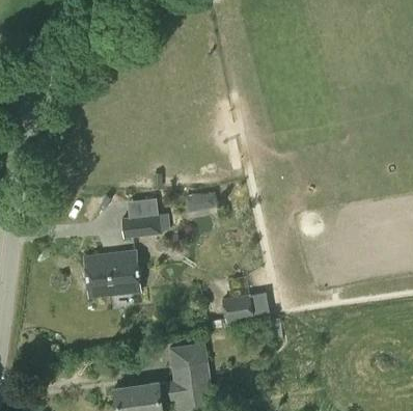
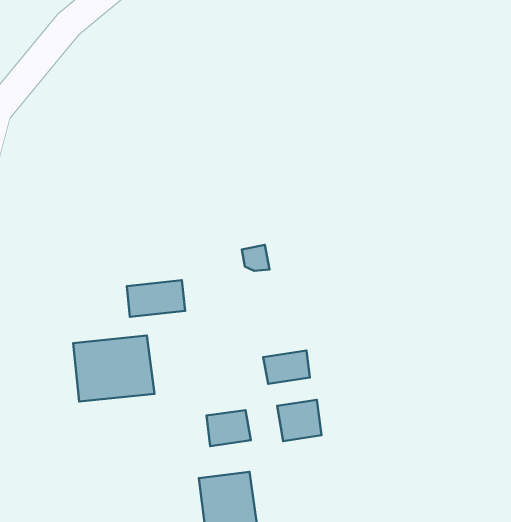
building: none -> [263,351,310,384]
building: none -> [206,410,251,446]

